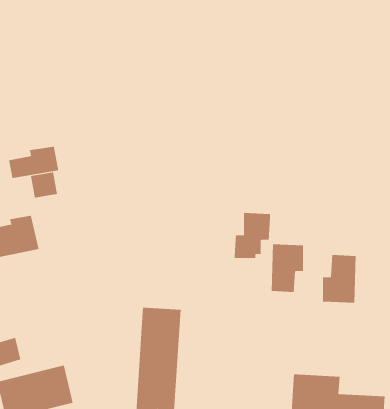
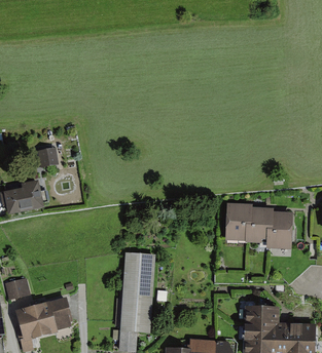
building: [8,146,59,179] -> none
building: [234,213,271,259] -> [245,207,274,243]

